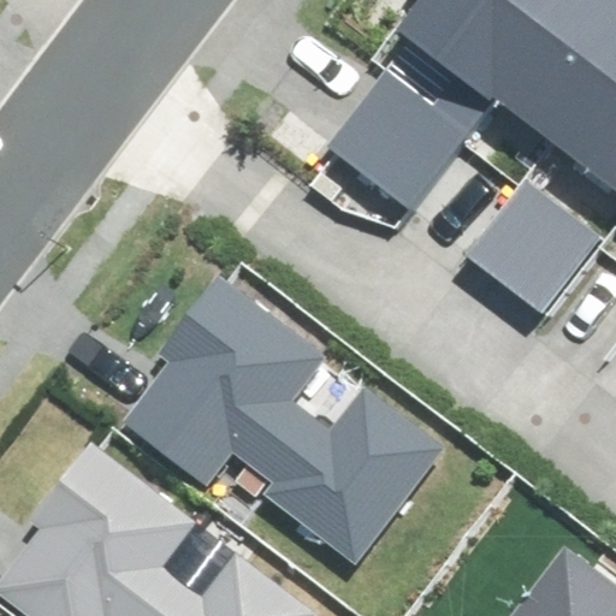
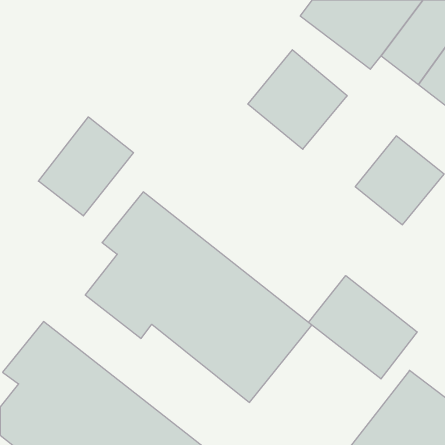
building: none -> [38,117,133,216]
building: none -> [309,276,417,379]

